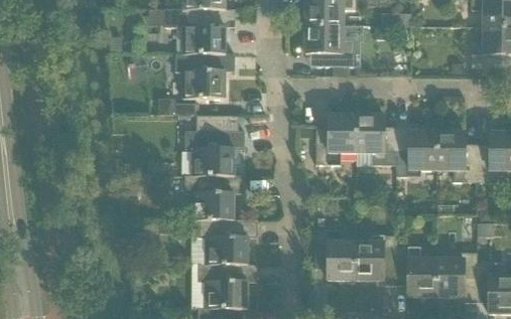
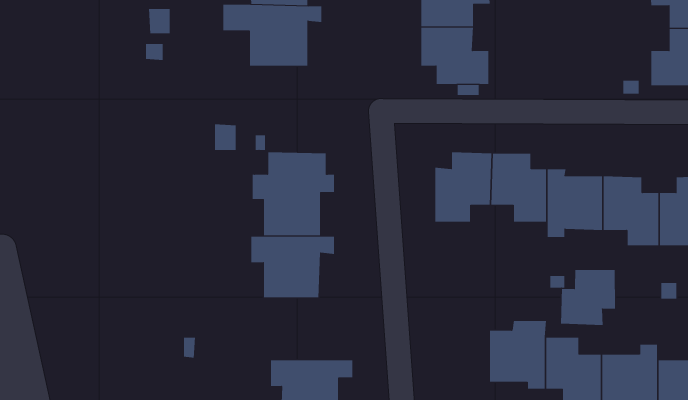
building: [176,53,236,99] -> none
building: none -> [561,269,615,326]
building: [199,219,258,264] -> none
building: [315,230,356,280] -> none

